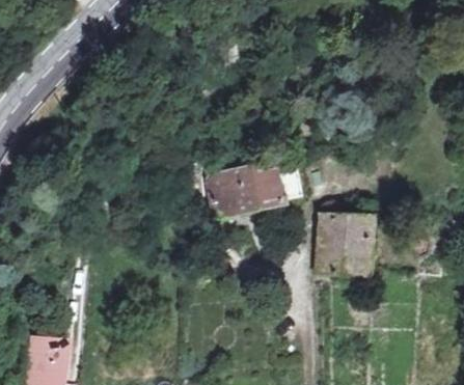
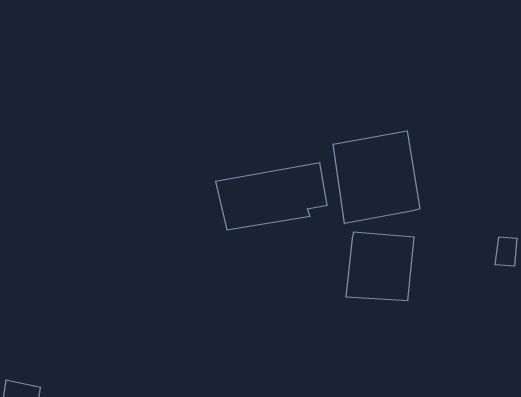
building: none -> [333,131,420,224]

